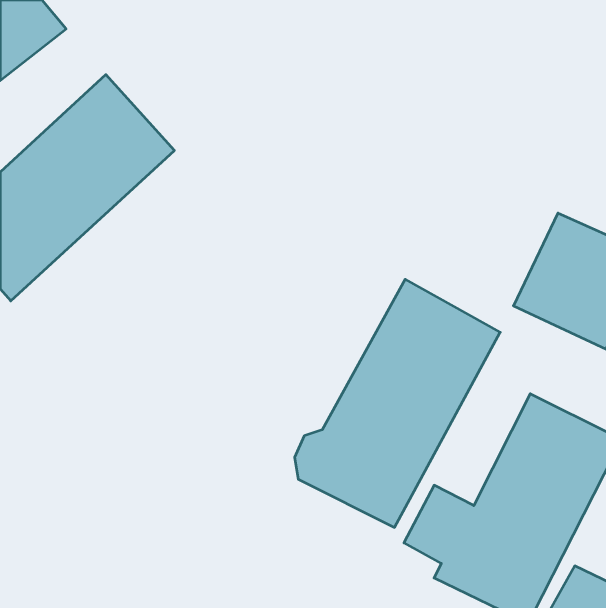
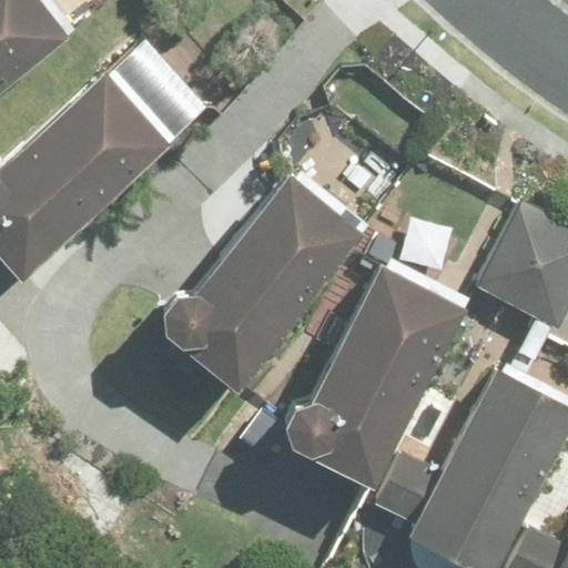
building: none -> [159,174,363,394]

